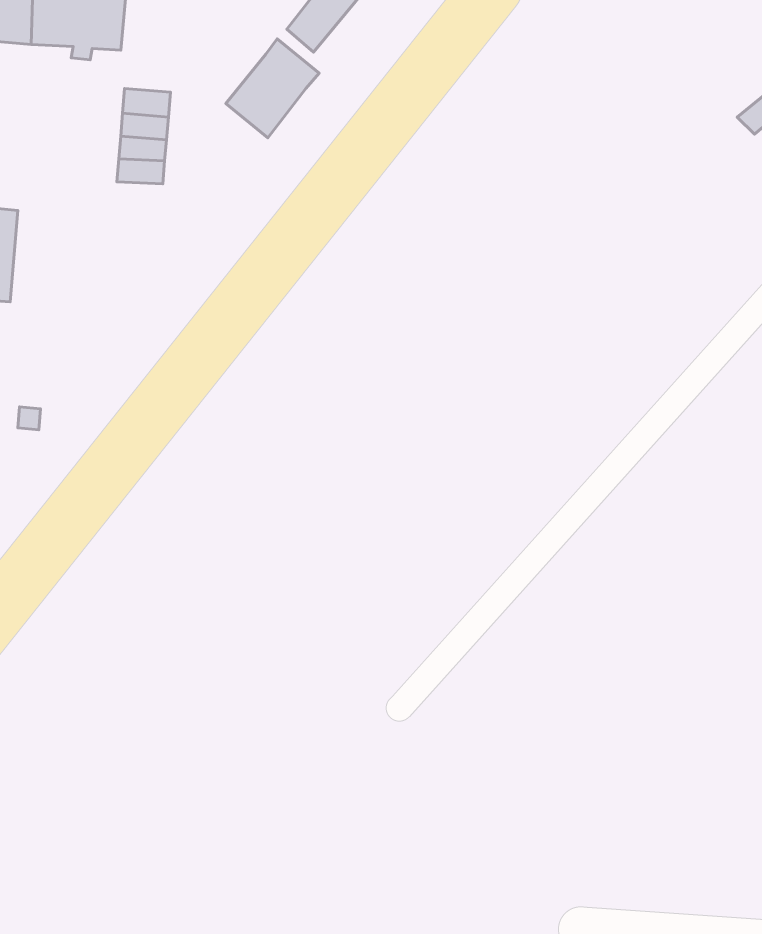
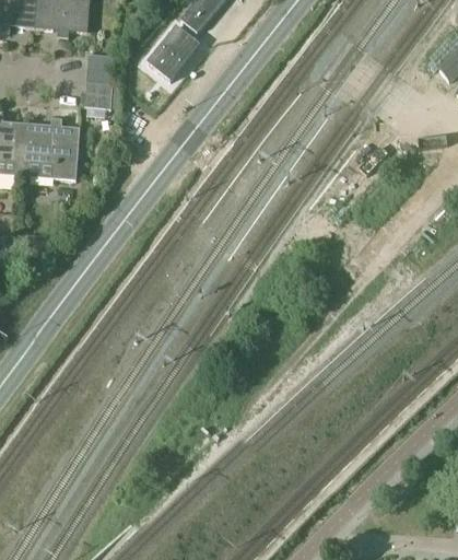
building: none -> [22,117,79,179]

